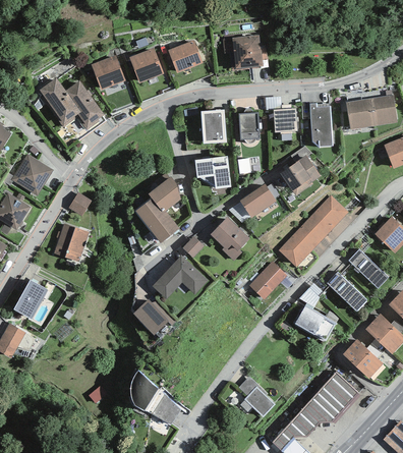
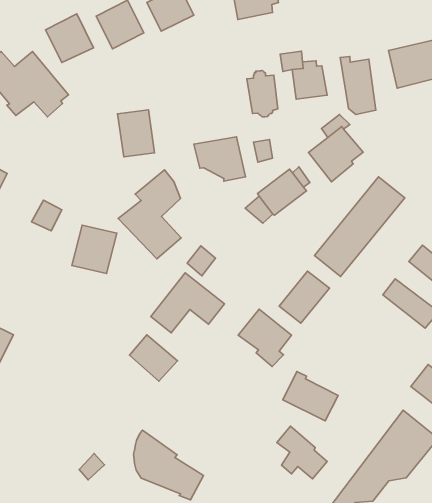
building: [200,109,226,143] -> [117,110,155,157]
building: [210,216,249,260] -> [238,309,291,367]
building: [53,223,89,261] -> [72,225,117,273]
building: [294,302,336,341] -> [283,372,338,421]

